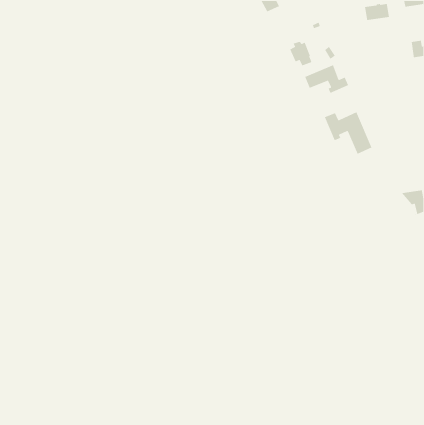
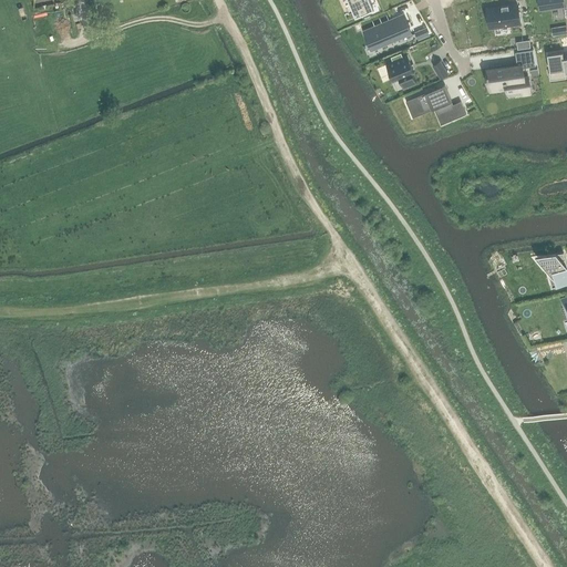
building: none -> [369,16,410,47]
building: none -> [486,50,535,91]
building: [324,111,372,155] -> none

